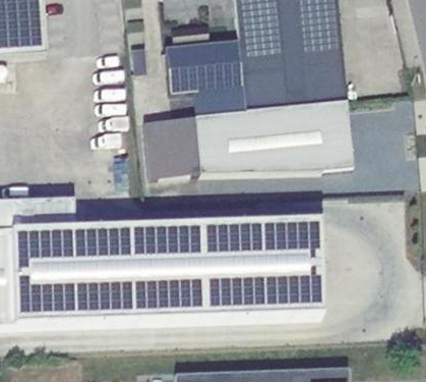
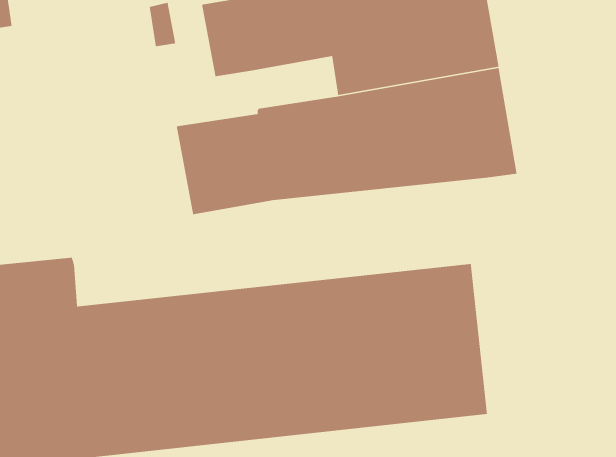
building: [191,85,243,113] -> none

